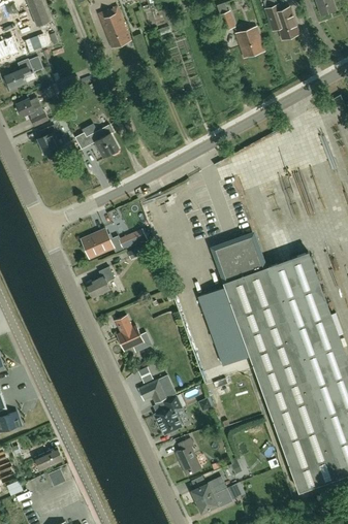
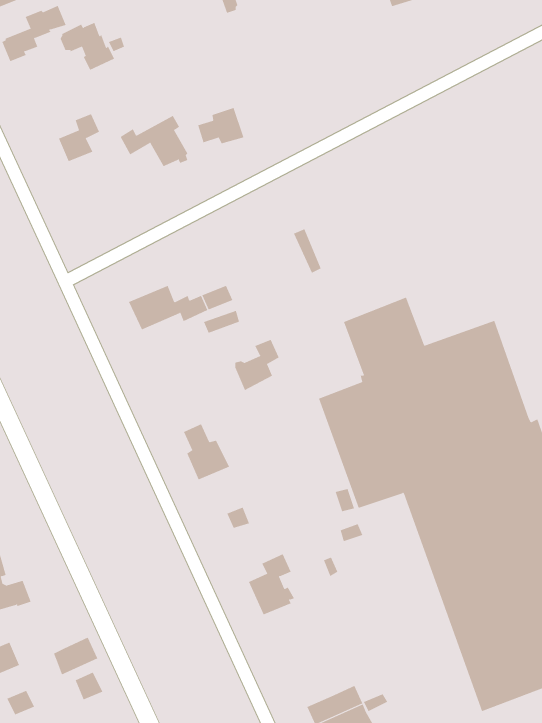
building: [14,97,49,127] -> [60,22,115,71]
building: none -> [197,107,244,144]
building: [86,266,114,298] -> [235,339,280,391]
building: [137,380,166,403] -> none
building: [176,437,200,473] -> none

